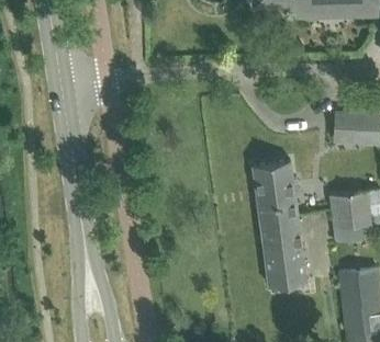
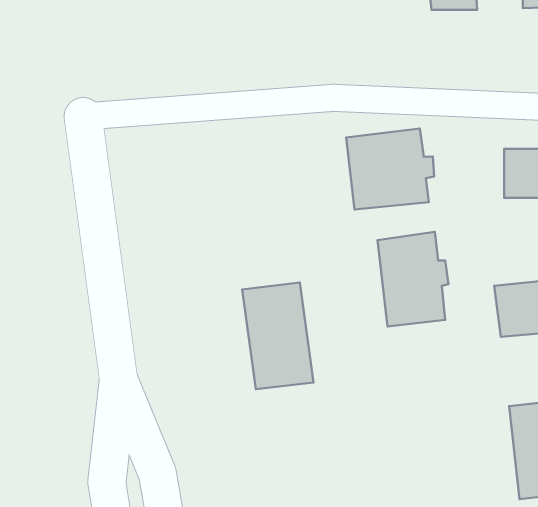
building: none -> [346,129,434,210]
building: [260,218,306,287] -> [242,283,313,389]

